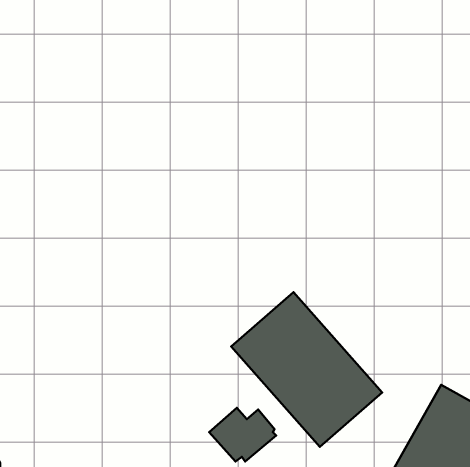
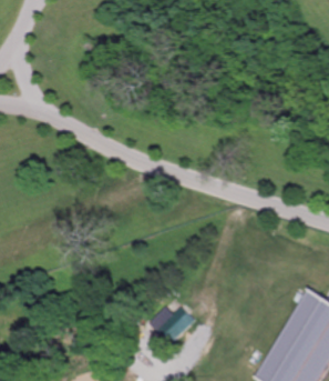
building: [231,292,382,447] -> none

